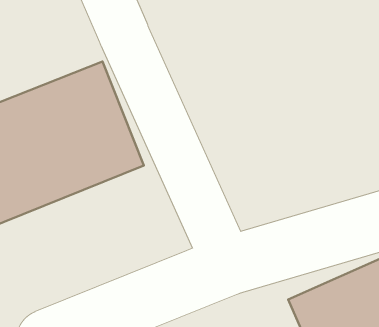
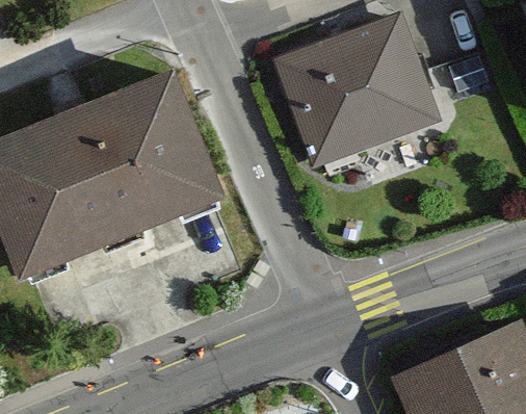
building: none -> [279,22,440,170]

